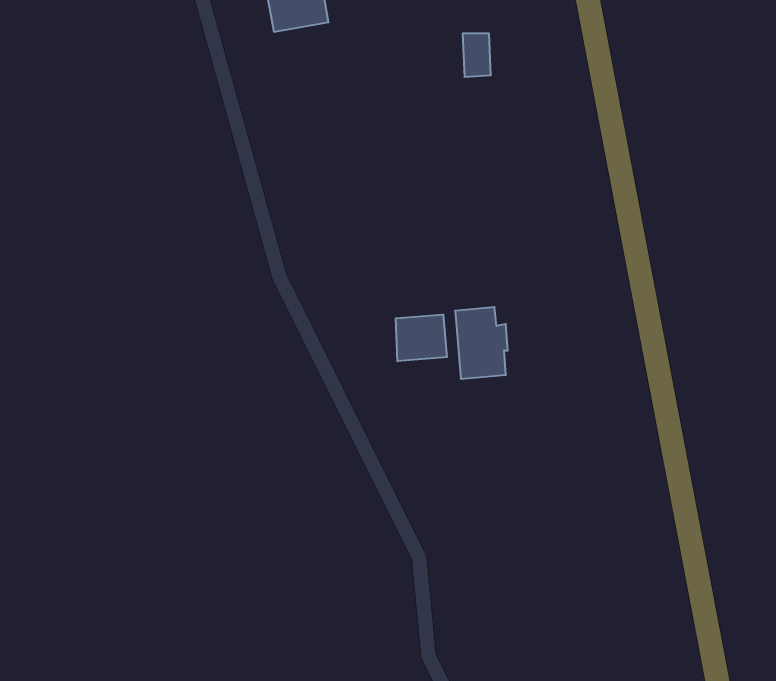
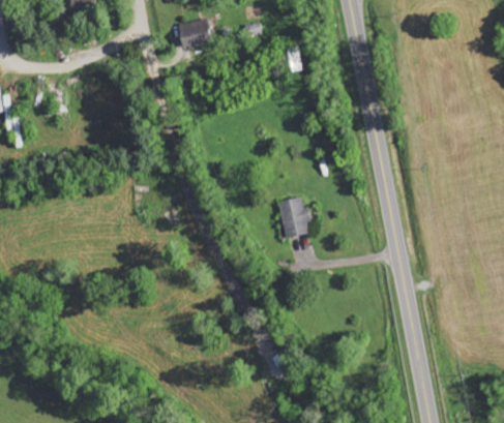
building: [396,314,447,361] -> none

